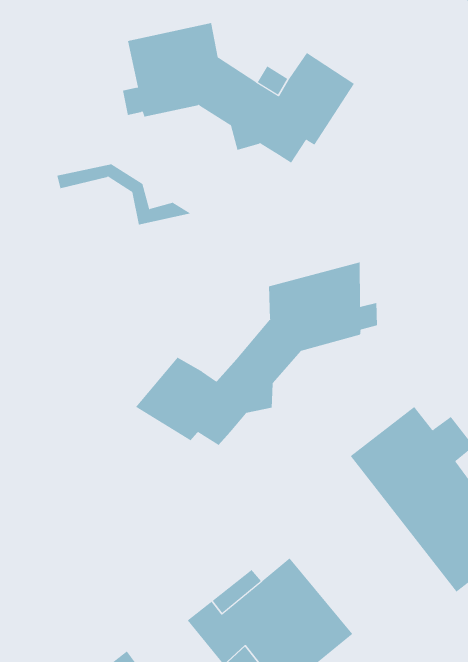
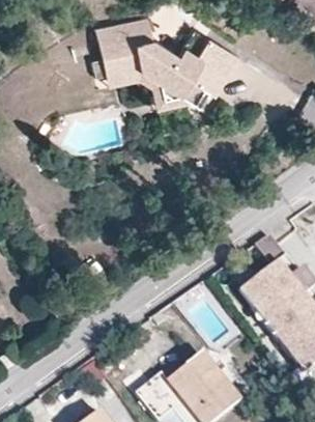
building: [57,164,191,225] -> [108,69,192,108]
building: [135,261,377,446] -> none

